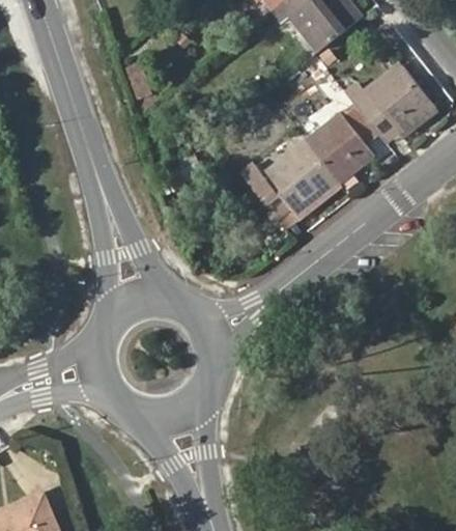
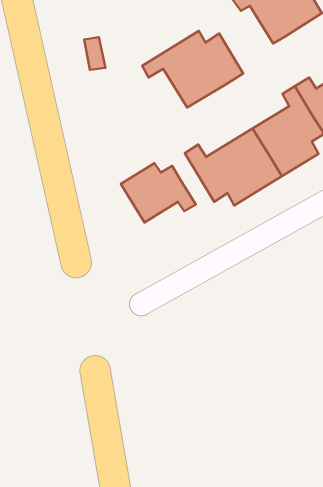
building: none -> [142,31,243,108]
building: none -> [121,163,196,223]

